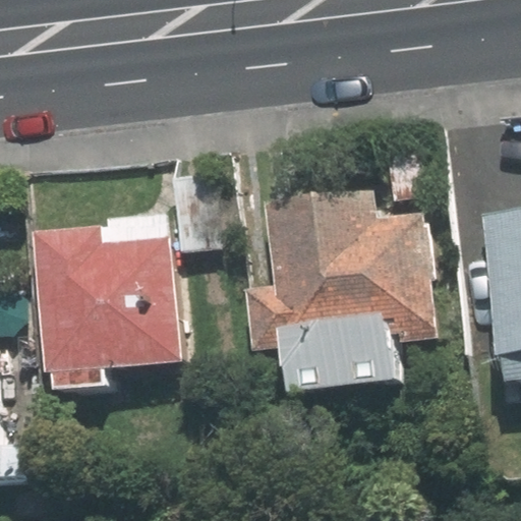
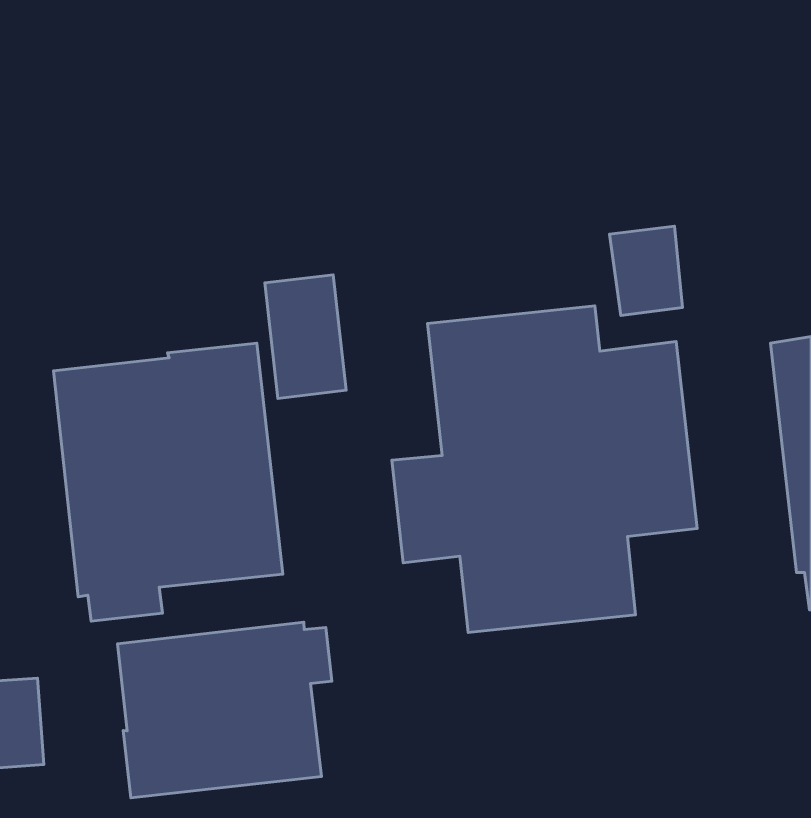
building: none -> [117,622,332,798]

